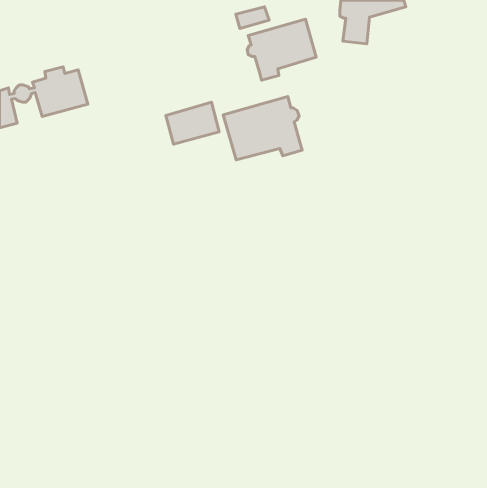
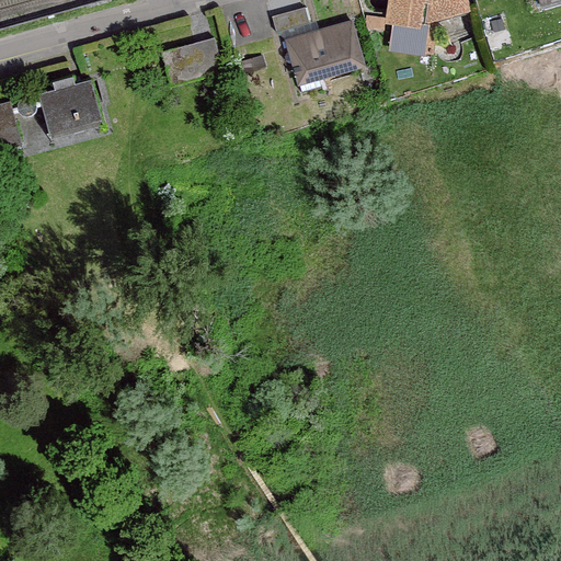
building: [223,97,302,160] -> none
building: [166,102,219,144] -> [161,37,222,85]

